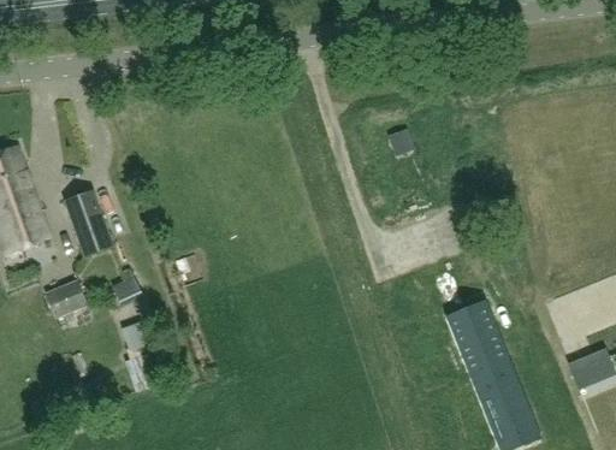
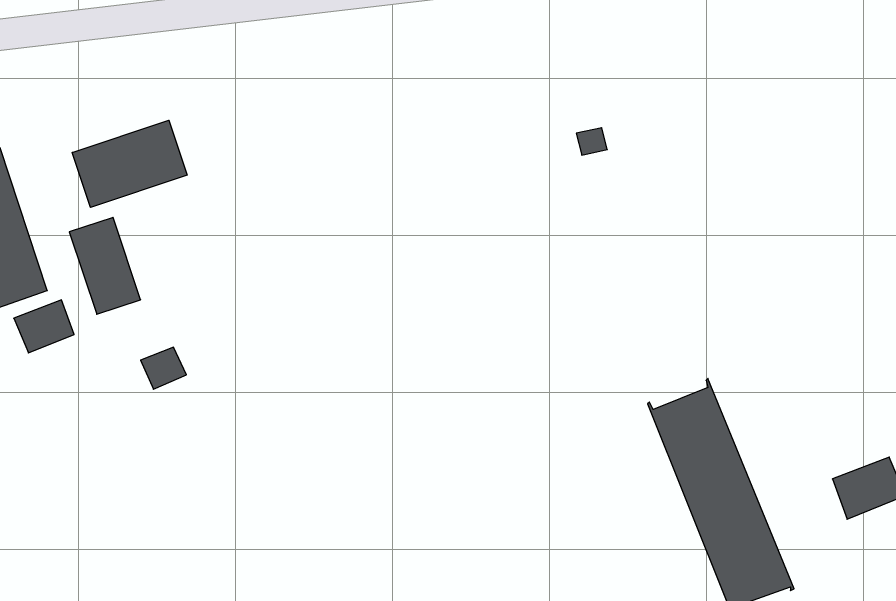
building: none -> [72,120,187,207]
building: [47,282,87,316] -> [14,300,74,353]

